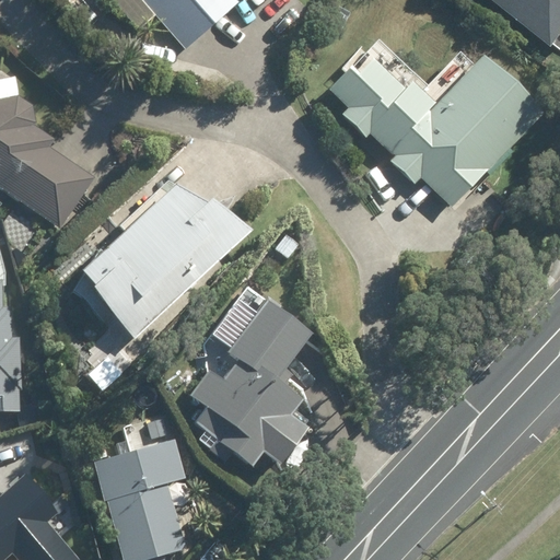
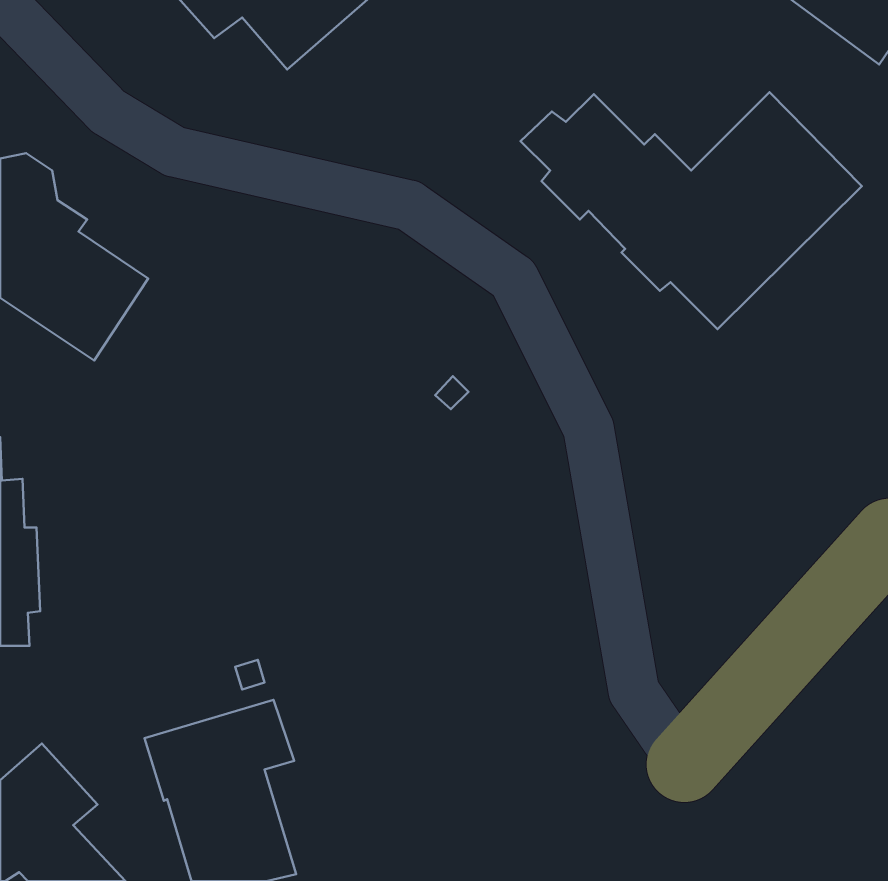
building: [77,183,247,332] -> none
building: [188,301,313,466] -> none

